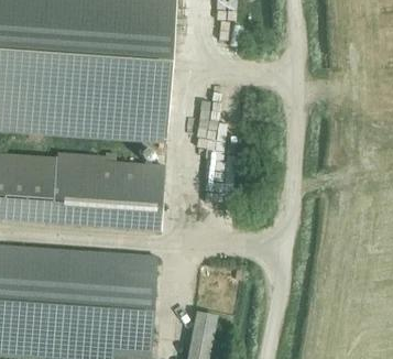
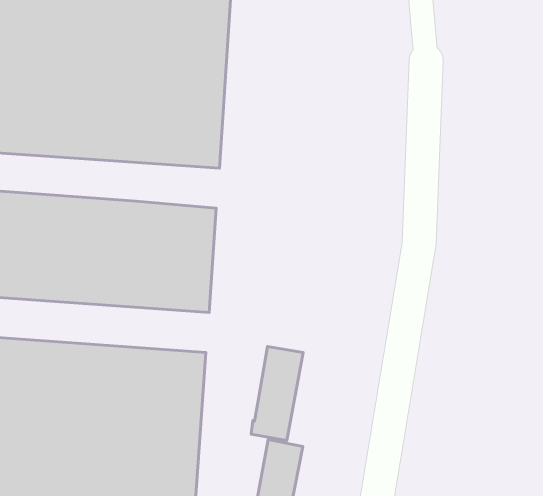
building: none -> [251,346,303,440]

